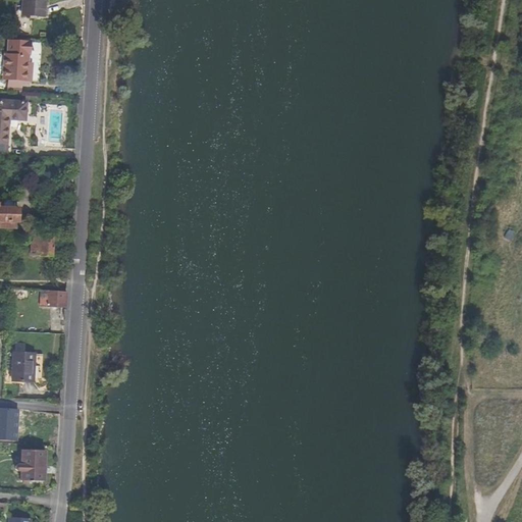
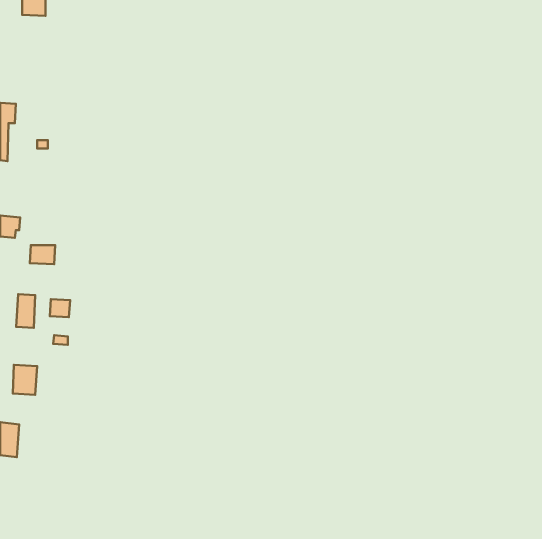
building: [4,40,31,80] -> none
building: none -> [16,294,35,328]
building: [20,447,46,481] -> none

